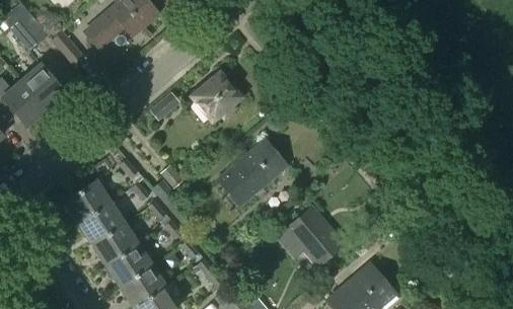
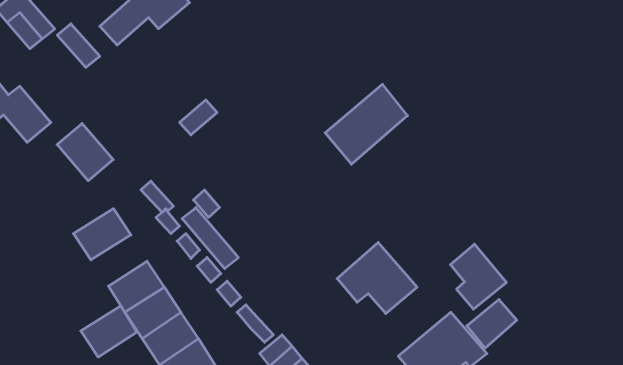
building: [20,64,66,110] -> [57,123,113,181]
building: [194,74,239,120] -> none
building: [219,140,286,205] -> [325,84,408,164]
building: [78,202,124,243] -> [81,306,137,357]
building: none -> [450,244,506,309]
building: none -> [467,299,517,348]

